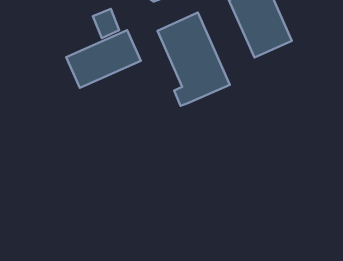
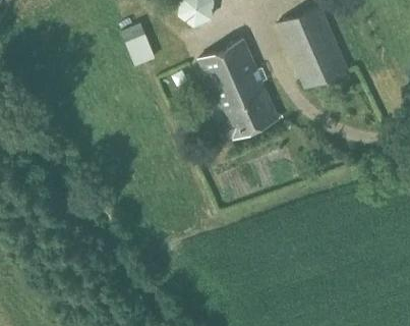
building: [66,30,141,88] -> none

